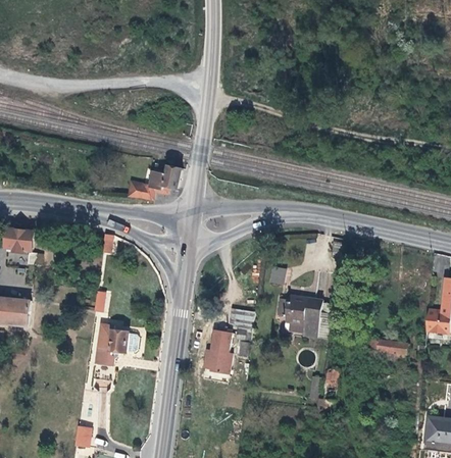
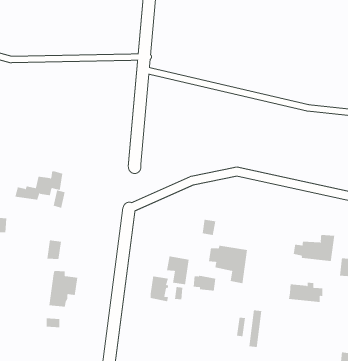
building: [126,165,181,199] -> [15,171,63,200]
building: none -> [293,234,335,262]
building: [204,355,231,373] -> [193,275,216,291]

